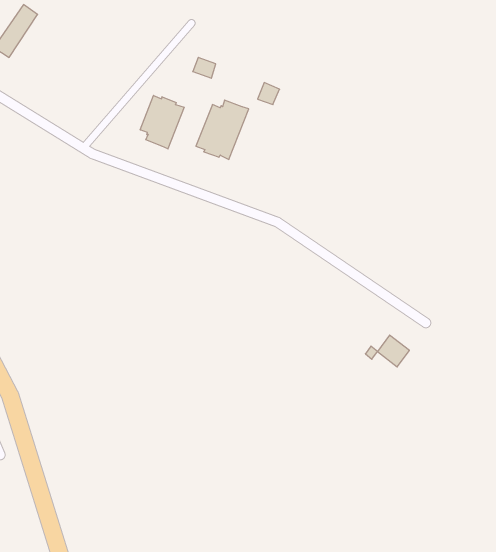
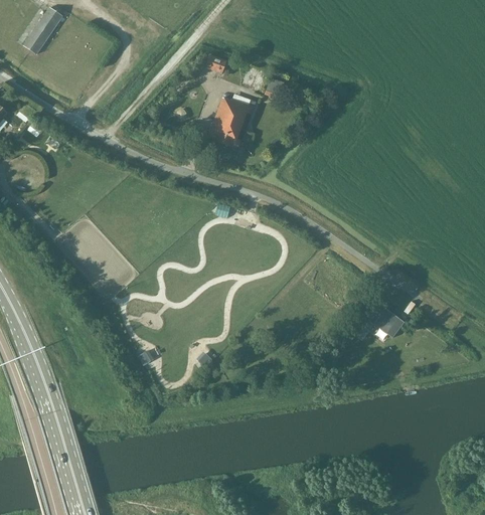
building: [140,95,184,149] -> none

